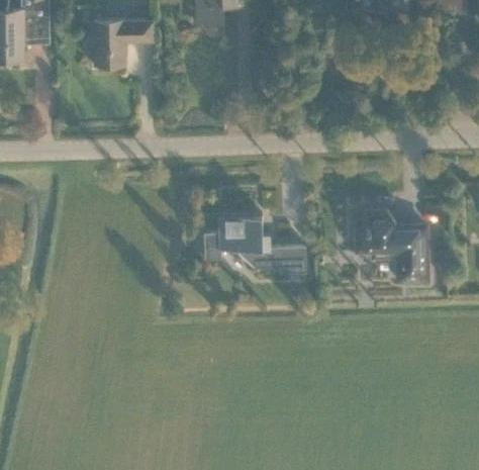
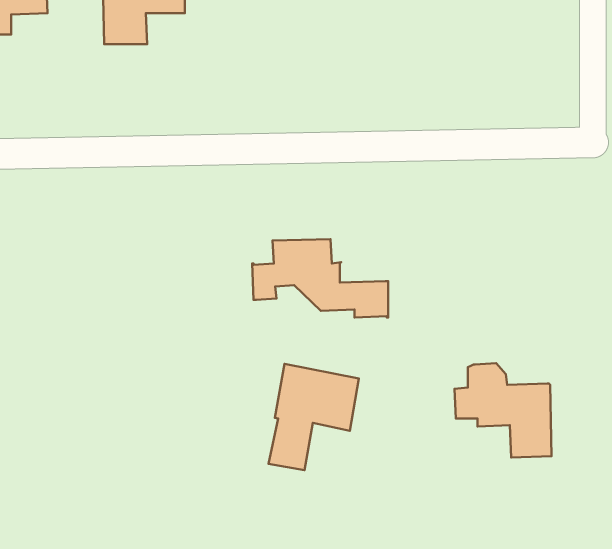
building: [355,211,427,282] -> [455,363,551,458]
building: none -> [269,364,359,470]

